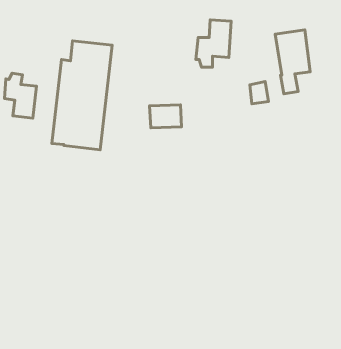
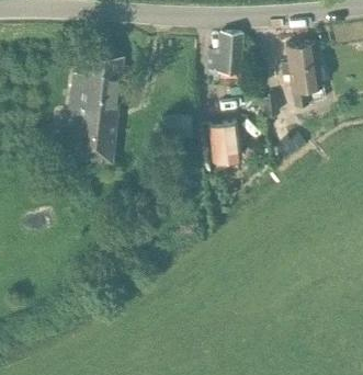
building: [4,73,36,118] -> none
building: none -> [209,122,241,162]

